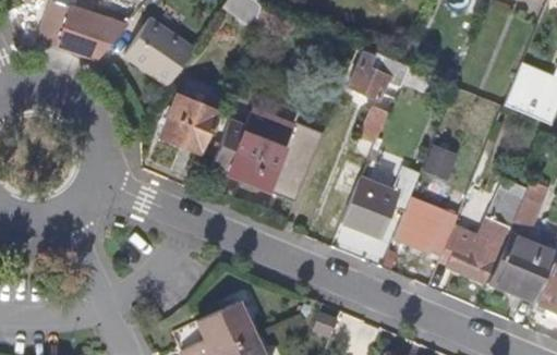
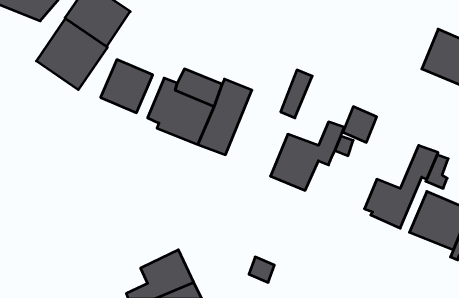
building: [349,54,407,102] -> none
building: none -> [36,18,107,90]
building: [390,203,456,264] -> none

